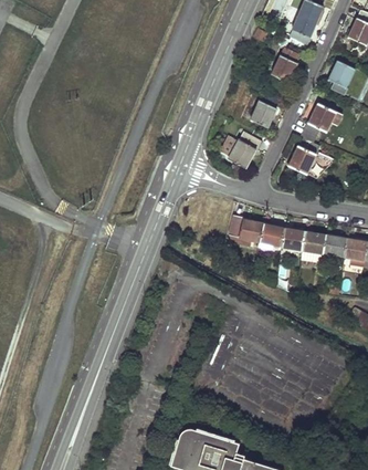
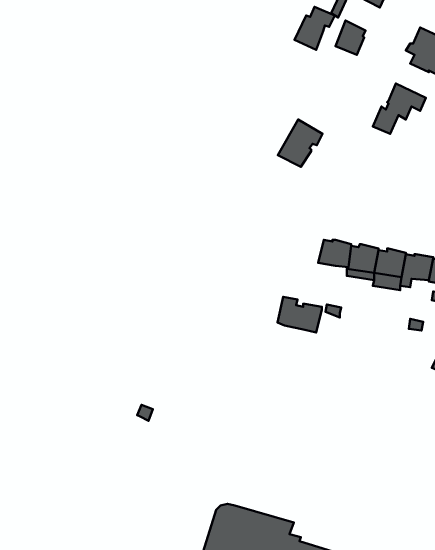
building: [251,94,282,127] -> [295,7,335,50]
building: [291,140,319,174] -> none
building: [229,215,263,242] -> [277,297,322,333]

